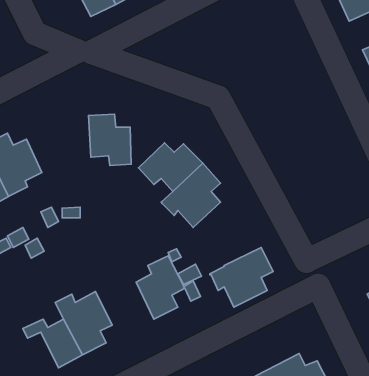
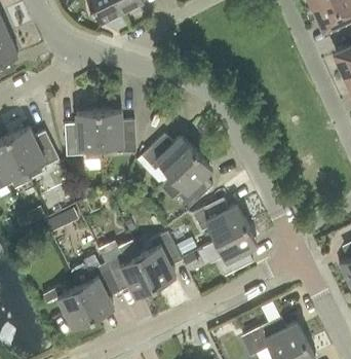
building: none -> [65,110,102,160]
building: none -> [193,198,247,240]
building: none -> [100,247,155,296]

